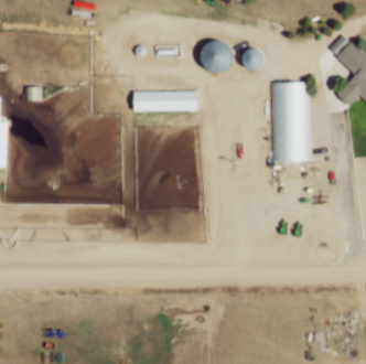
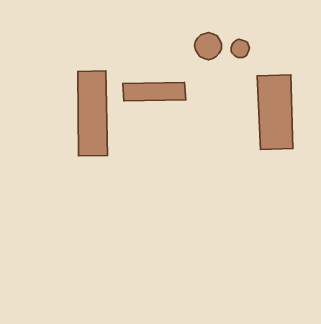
building: none -> [78,71,108,156]

